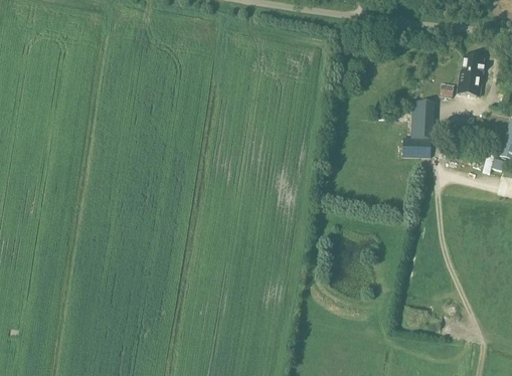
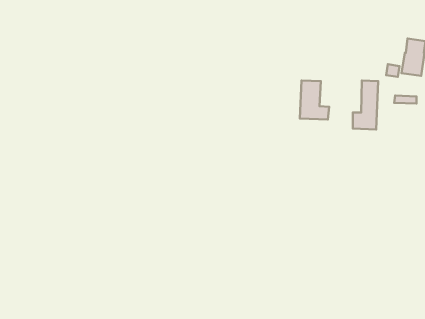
building: none -> [300,81,329,119]

